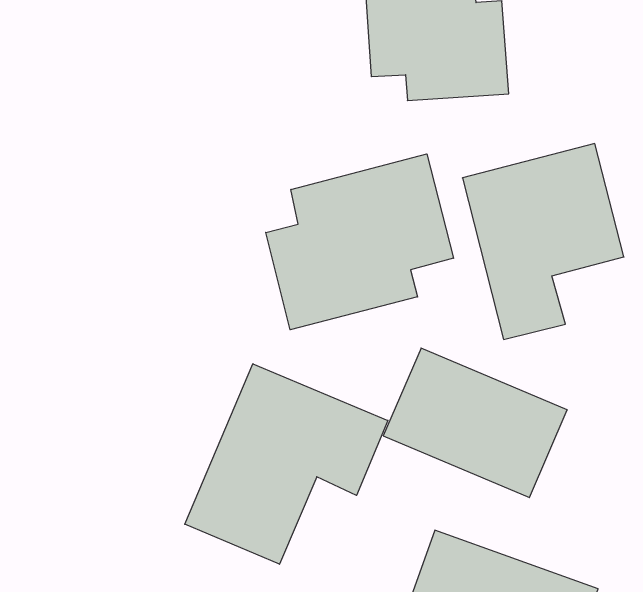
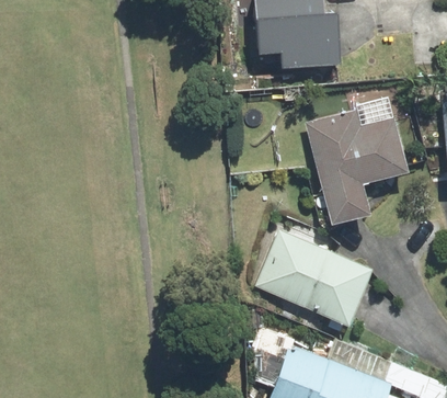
building: [266,154,454,330] -> none
building: [185,364,388,564] -> none

